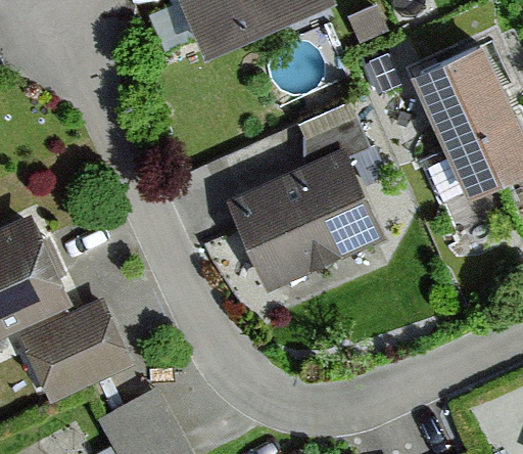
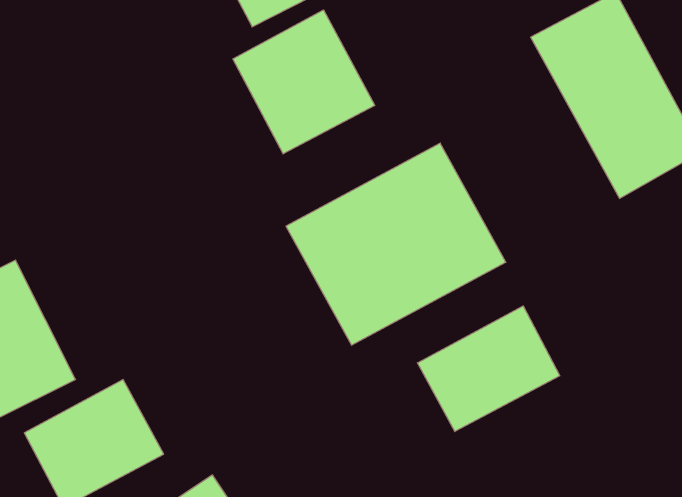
building: none -> [233,10,375,154]
building: none -> [417,306,560,432]

